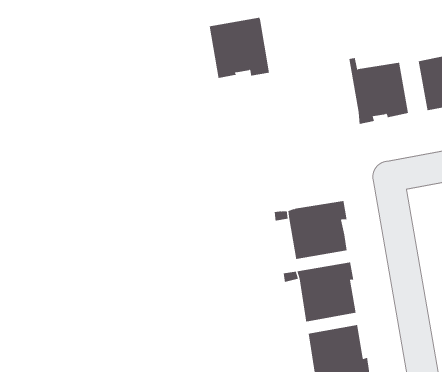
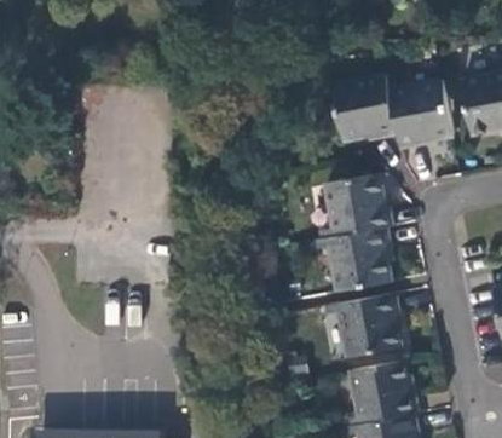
building: [209,17,270,78] -> [334,74,399,139]
building: none -> [323,174,390,236]

